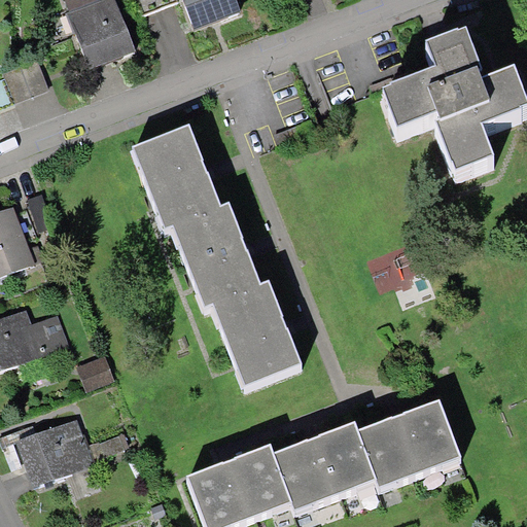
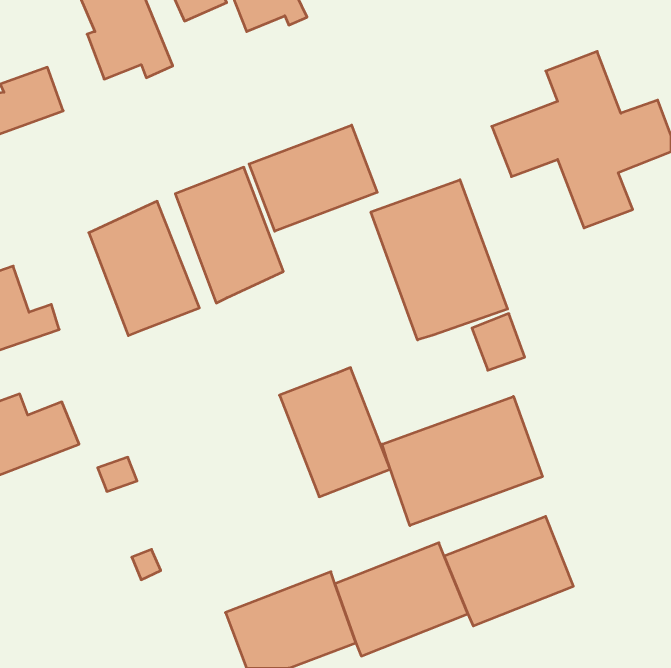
building: none -> [249,125,377,231]
building: none -> [371,180,508,340]
building: [177,208,264,313] -> [89,201,199,336]
building: none -> [382,396,542,526]
building: [17,417,97,486] -> none

